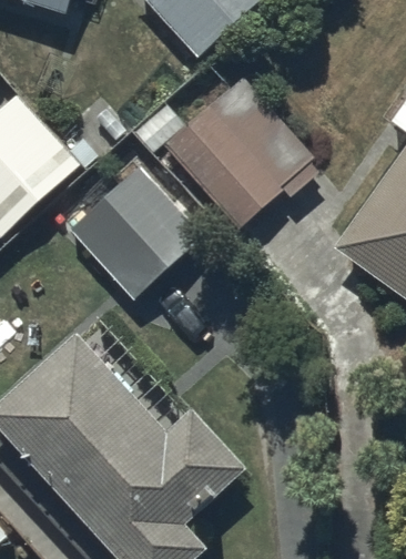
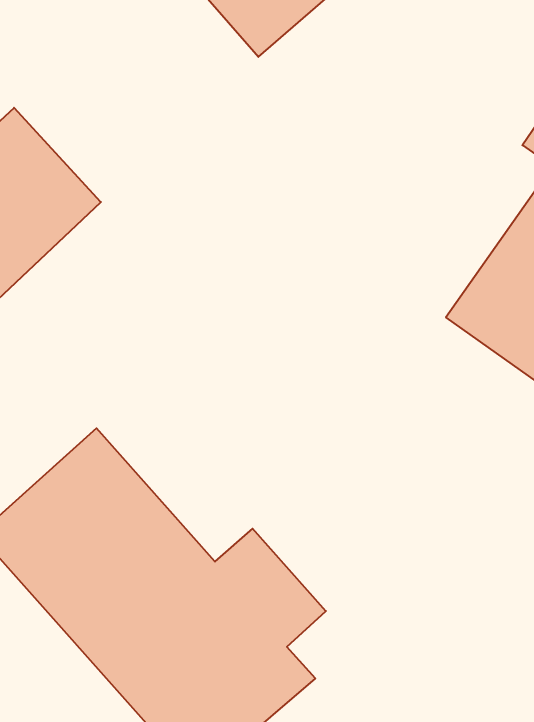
building: [164,78,316,227] -> none
building: [70,167,201,298] -> none

